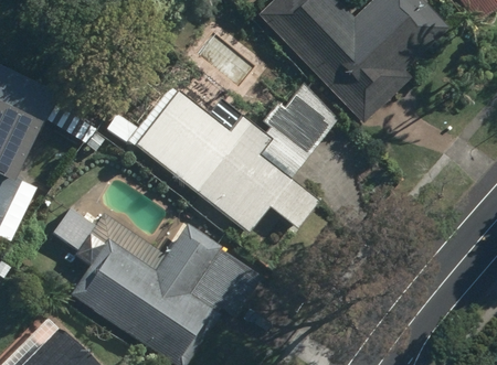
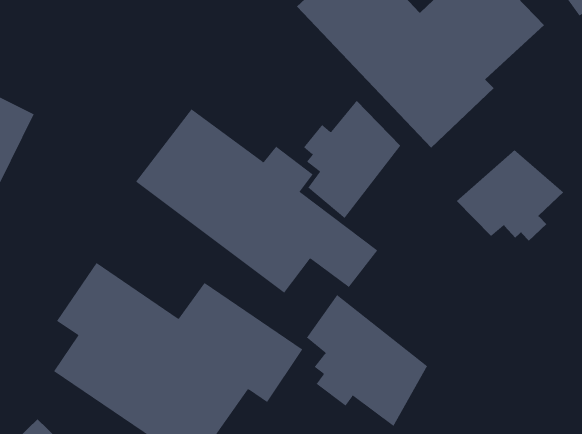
building: none -> [456,149,564,241]
building: none -> [306,294,428,427]

